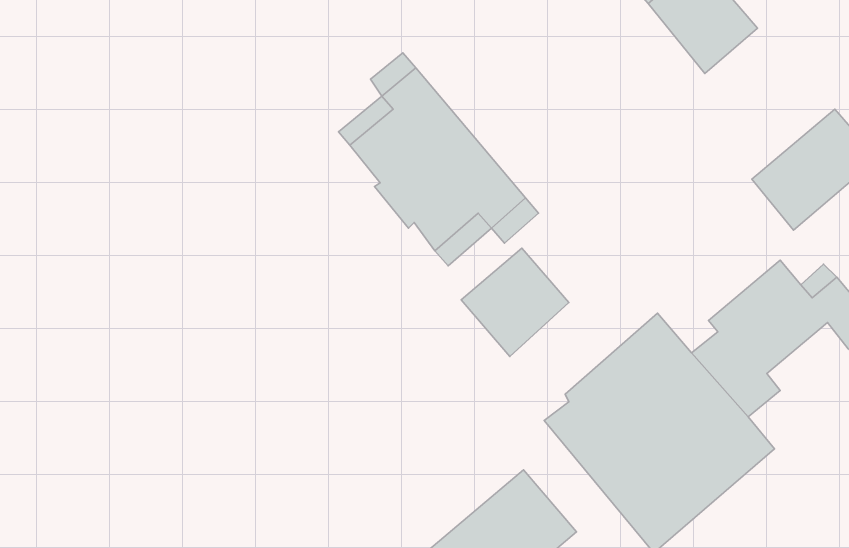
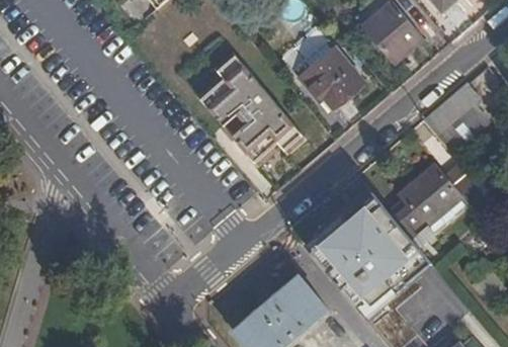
building: none -> [299,41,362,103]
building: [461,248,569,356] -> none

